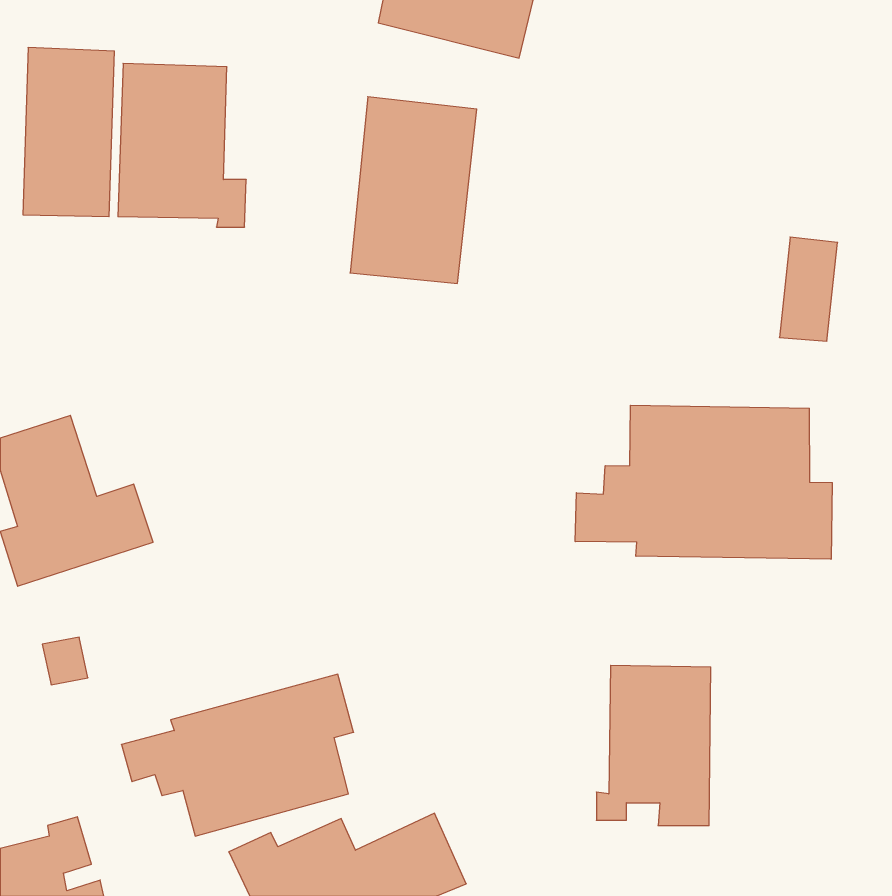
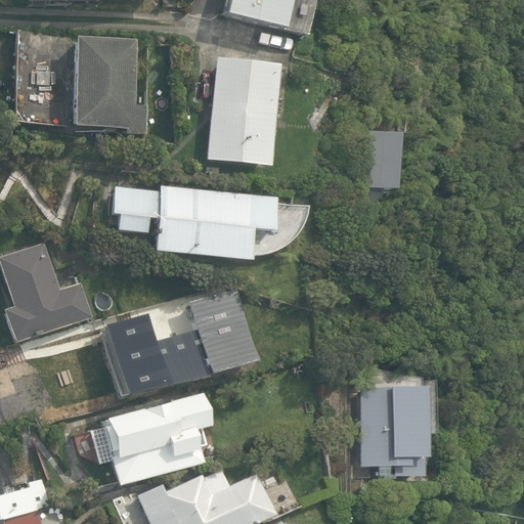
building: [779,237,838,341] -> [366,129,400,189]
building: none -> [112,185,309,260]
building: [575,405,832,559] -> none
building: none -> [104,288,256,396]

